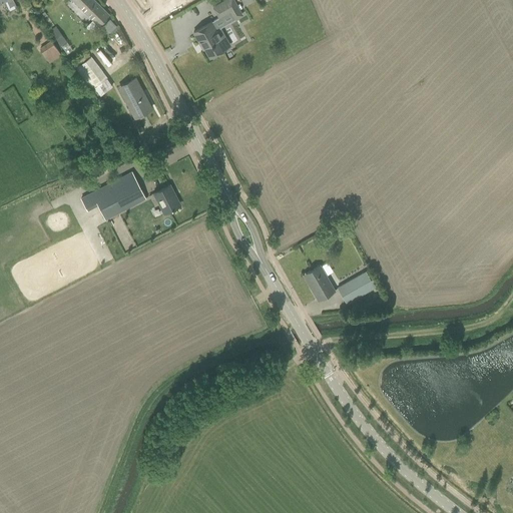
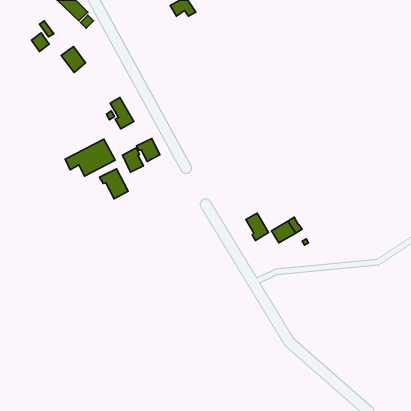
building: [194,21,231,57] -> none
building: [123,78,152,117] -> [110,97,134,129]
building: none -> [136,139,160,161]
building: none -> [100,169,128,199]

